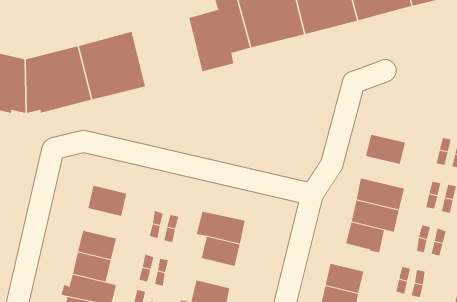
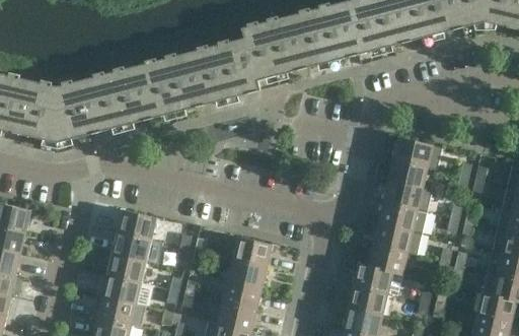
building: none -> [161,46,229,113]
building: none -> [393,137,442,170]
building: none -> [383,181,432,212]
building: none -> [113,231,151,261]
building: none -> [354,263,392,293]
building: none -> [223,280,262,310]

